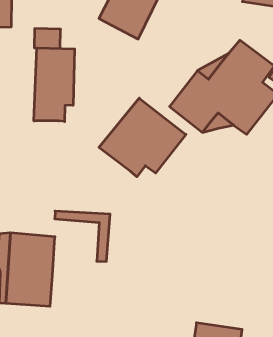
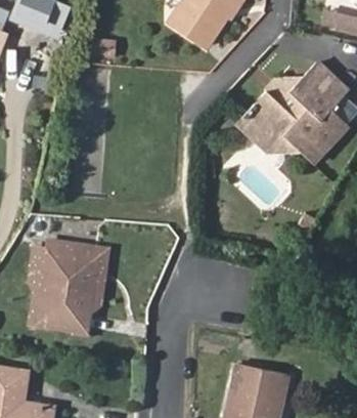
building: [34,48,75,122] -> none
building: [99,98,186,177] -> none
building: [55,211,110,261] -> [50,243,109,301]

